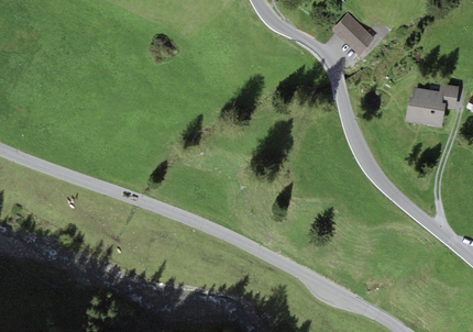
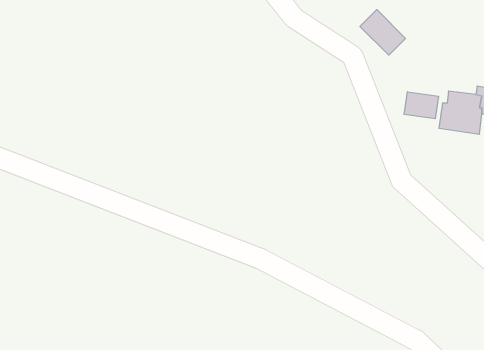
building: none -> [404,92,438,119]

